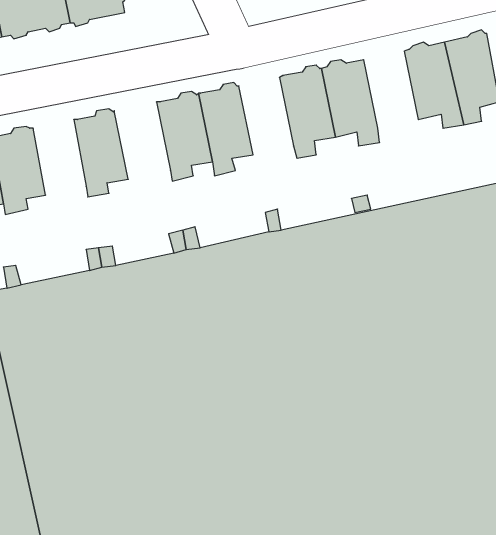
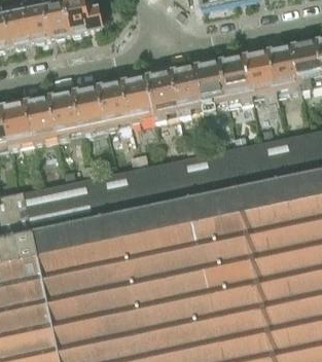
building: none -> [242,50,276,101]
building: none -> [169,64,201,118]
building: none -> [96,79,129,132]
building: none -> [48,89,79,141]

